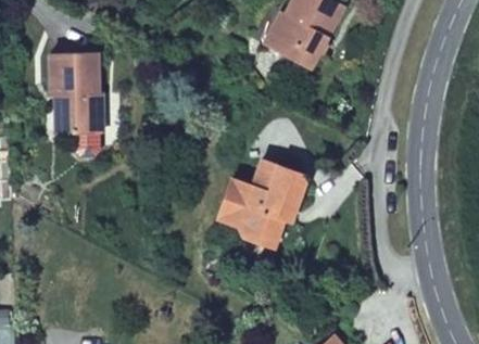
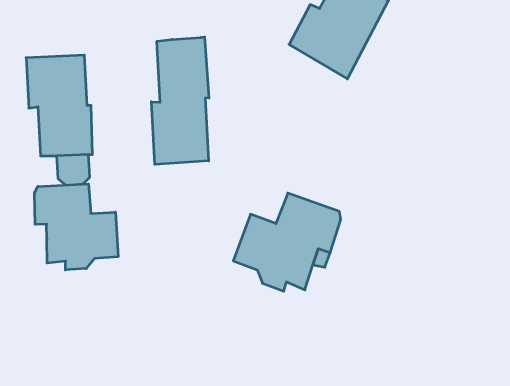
building: none -> [151,37,209,164]
building: none -> [35,184,118,270]

